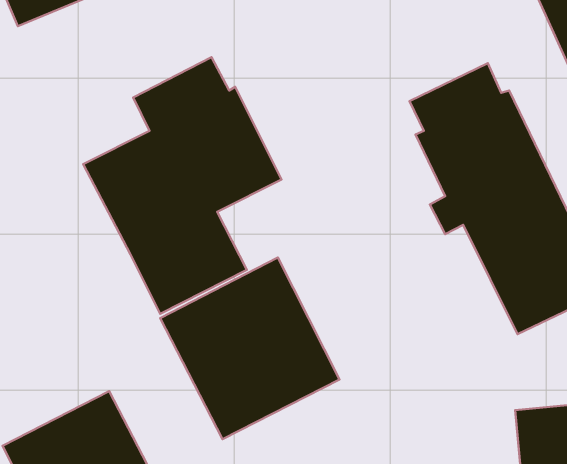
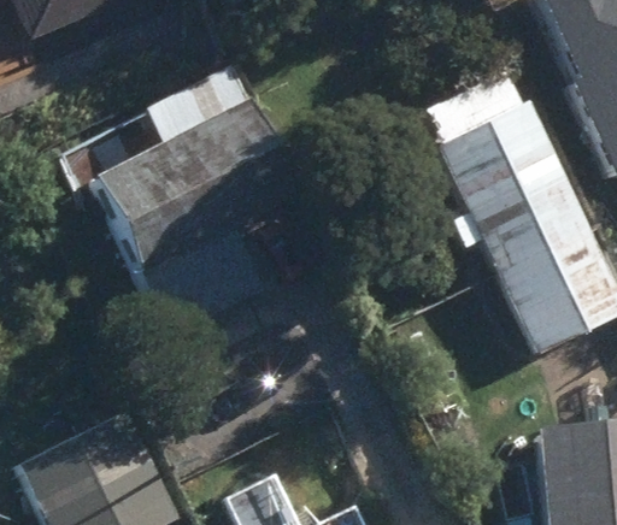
building: [160,257,340,439] -> none

